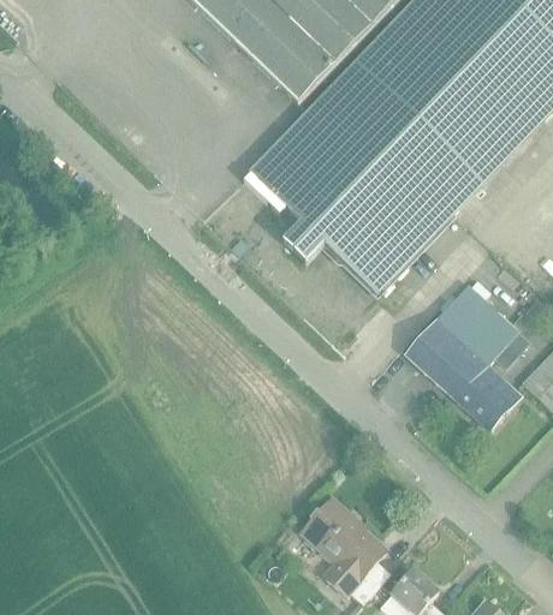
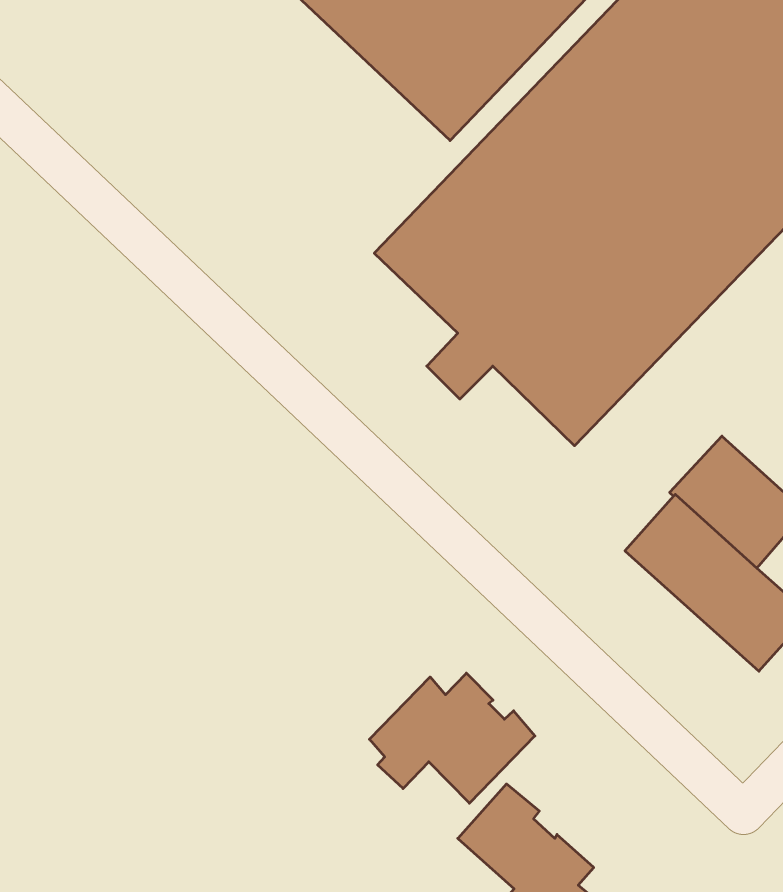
building: none -> [369,673,535,803]

